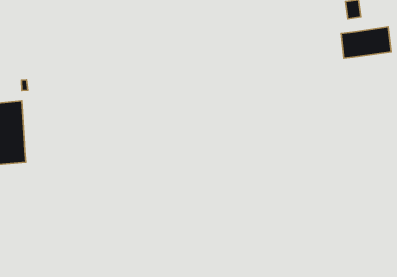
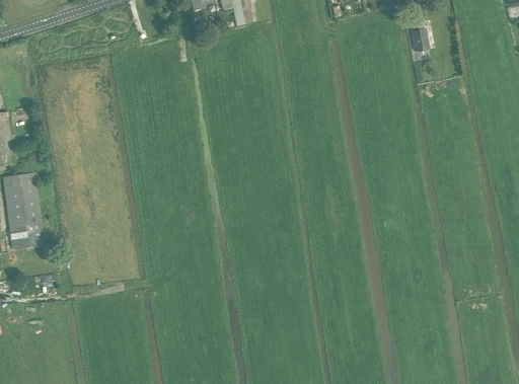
building: [341,27,391,58] -> none

